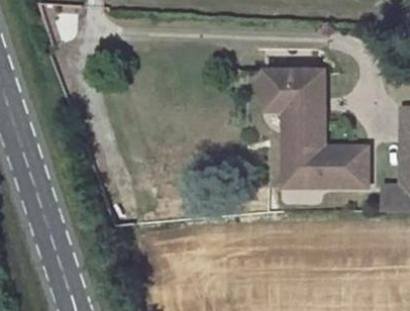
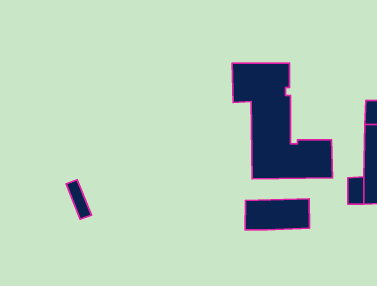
building: none -> [245,199,310,230]

